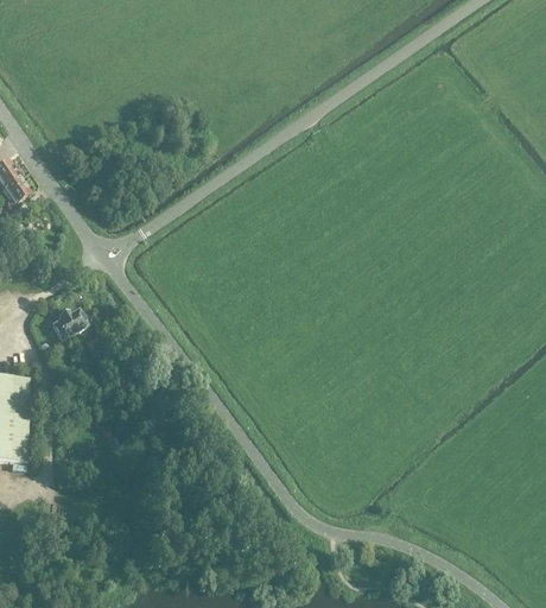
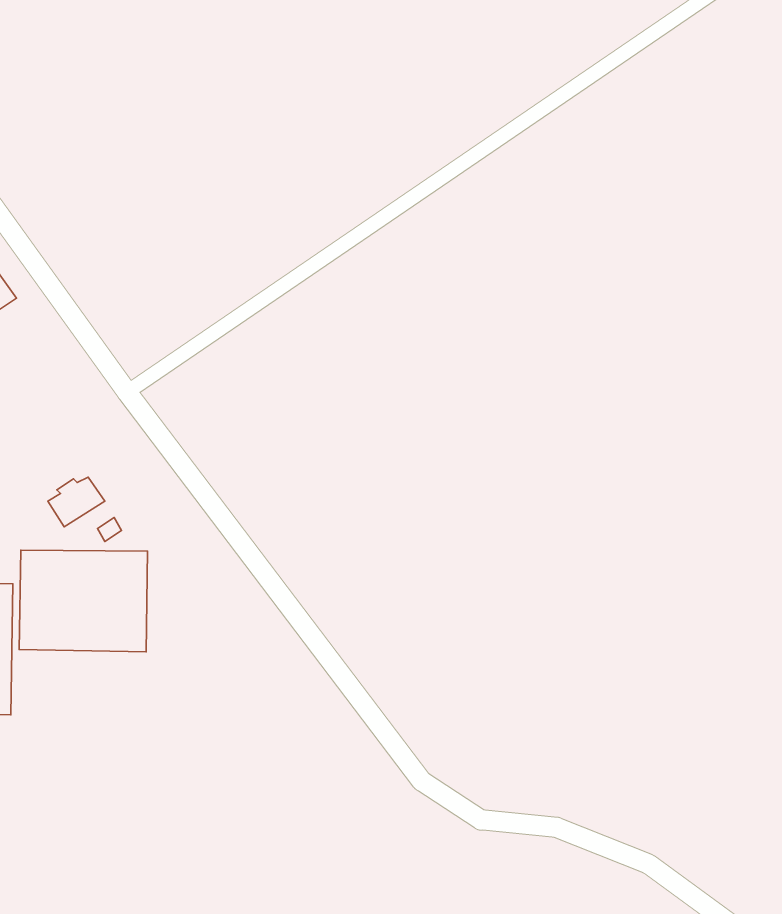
building: none -> [19,550,148,652]

